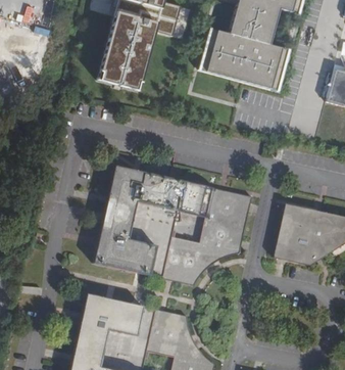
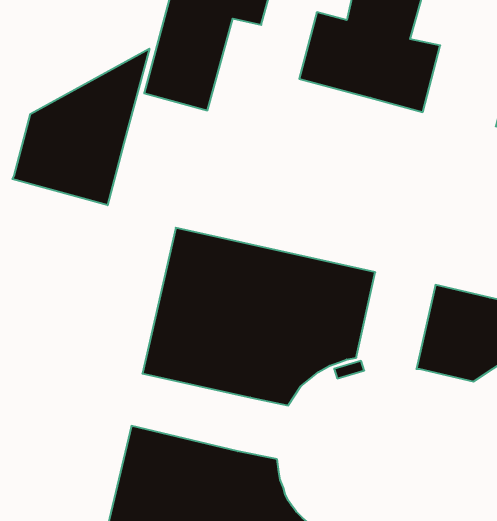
building: none -> [12,49,149,205]

